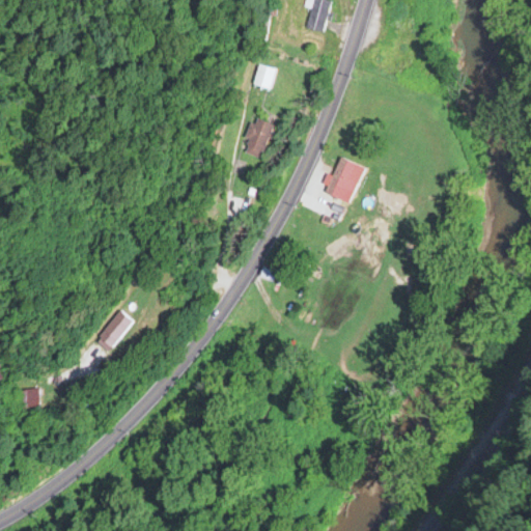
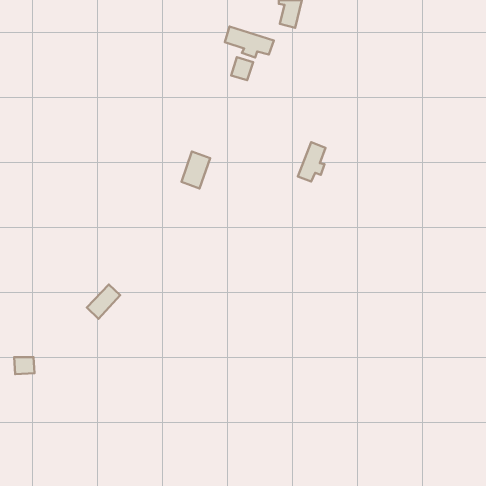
building: none -> [225,27,274,57]
building: [243,118,274,159] -> [181,151,210,189]

